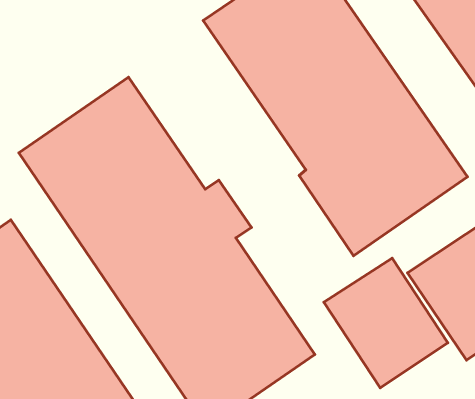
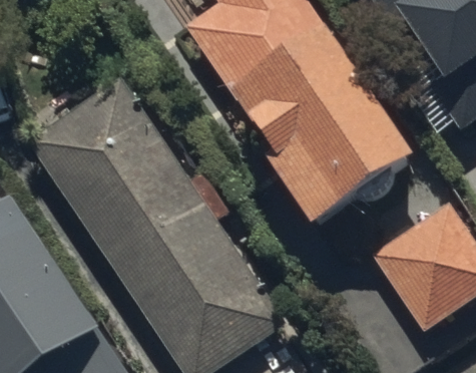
building: [324,258,448,388] -> none

